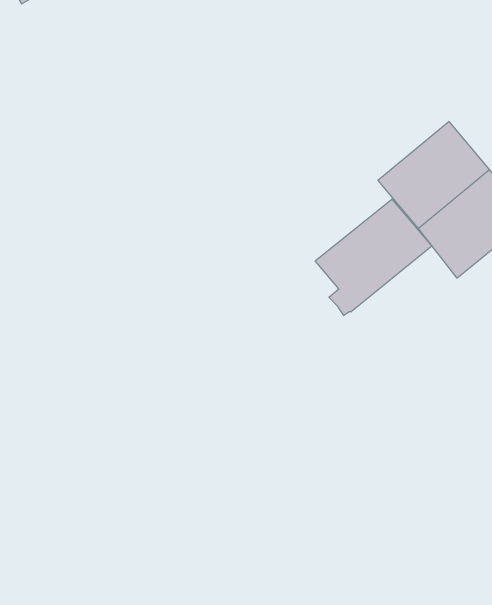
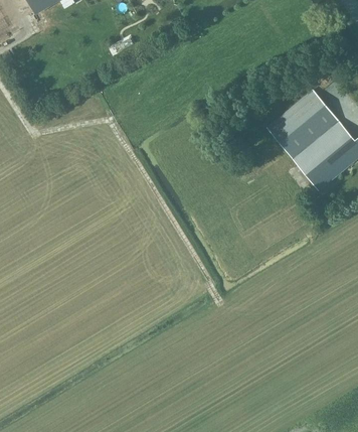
building: [315,199,432,316] -> none

